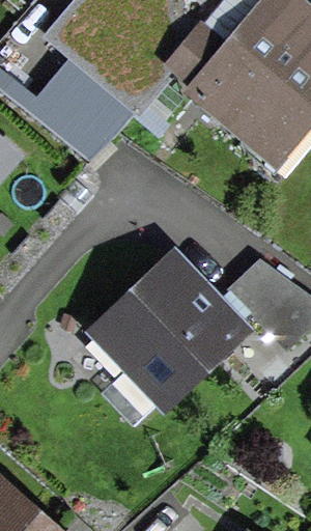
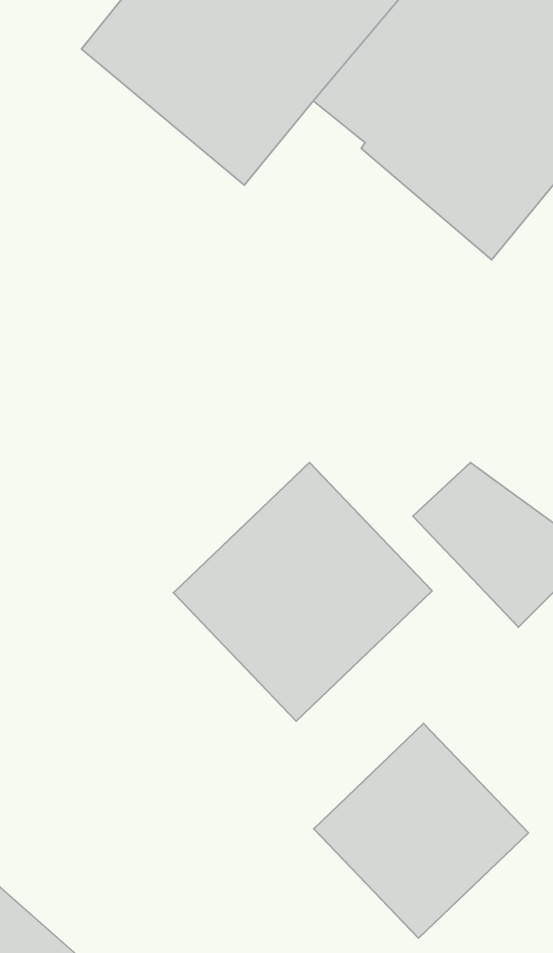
building: none -> [314,723,528,938]

